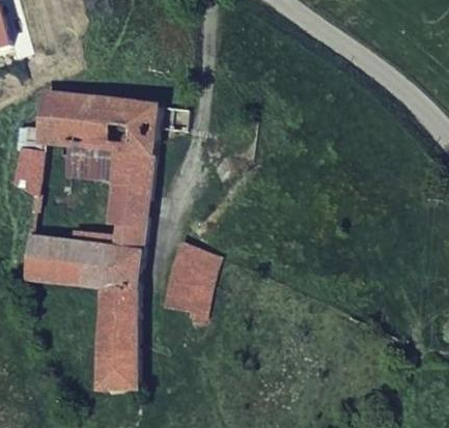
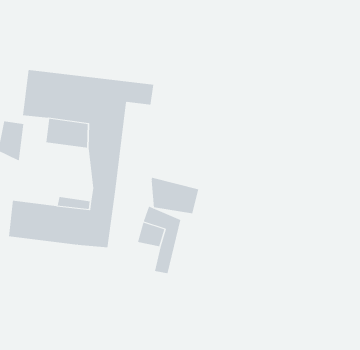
building: none -> [151,177,199,214]
building: [96,286,137,389] -> none

